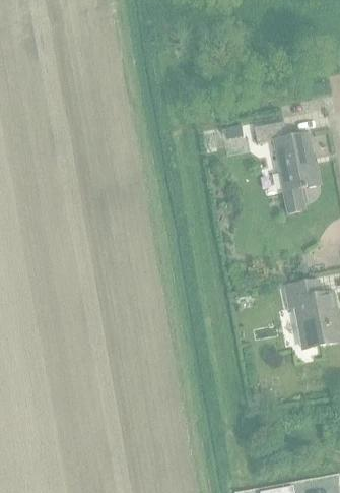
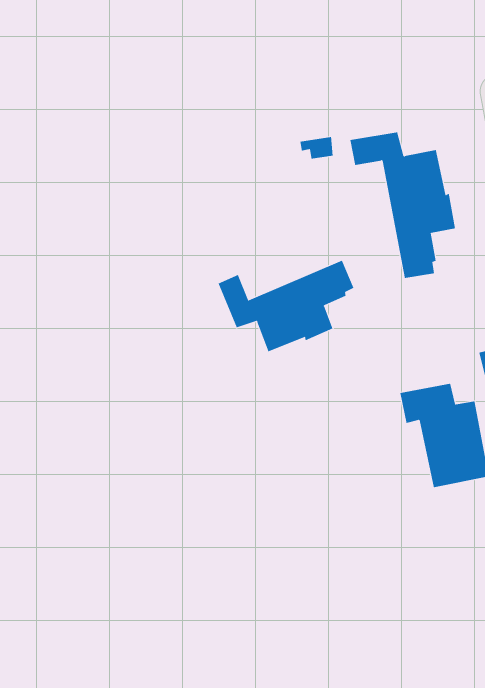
building: none -> [218,260,354,352]

